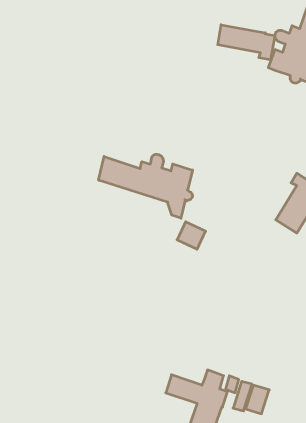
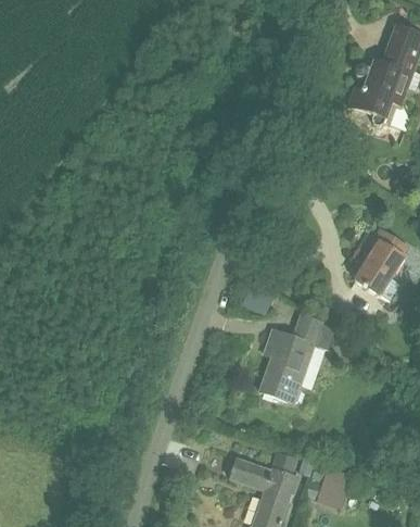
building: [218,25,275,60] -> none
building: [99,154,193,218] -> none
building: none -> [260,314,335,404]

